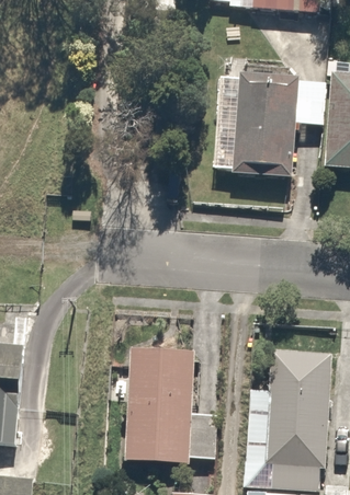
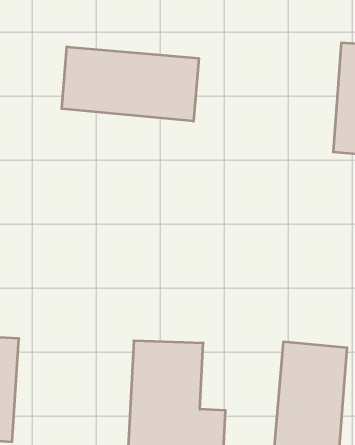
building: none -> [62,47,199,121]
building: [229,73,300,180] -> none

